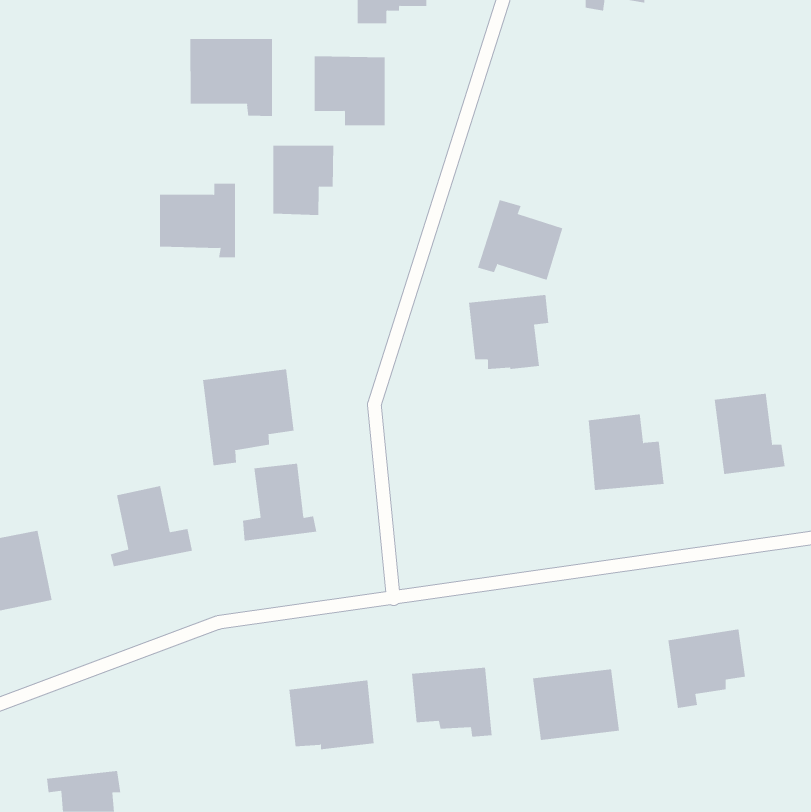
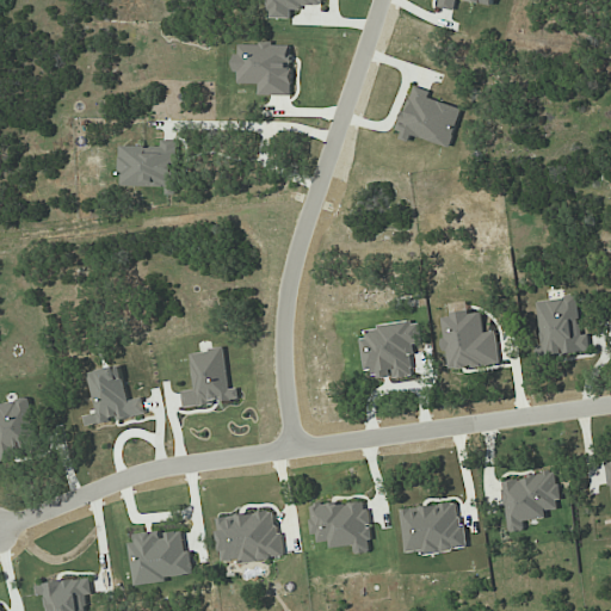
building: [190,38,273,117] -> none
building: [273,145,334,216] -> none
building: [477,199,563,281] -> [395,86,459,147]
building: [468,295,549,369] -> [359,321,420,377]
building: [202,369,294,466] -> none
building: none -> [129,530,192,582]

